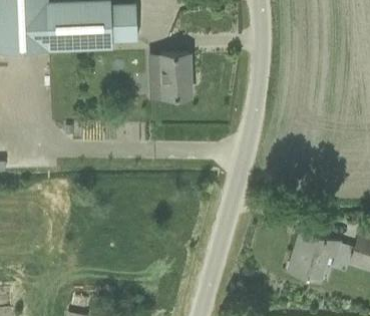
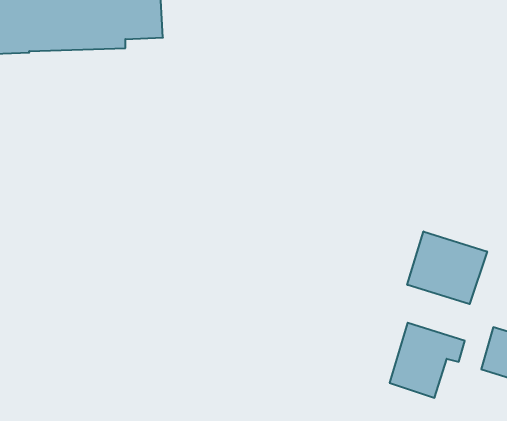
building: [149,54,192,99] -> none
building: none -> [407,231,487,304]

